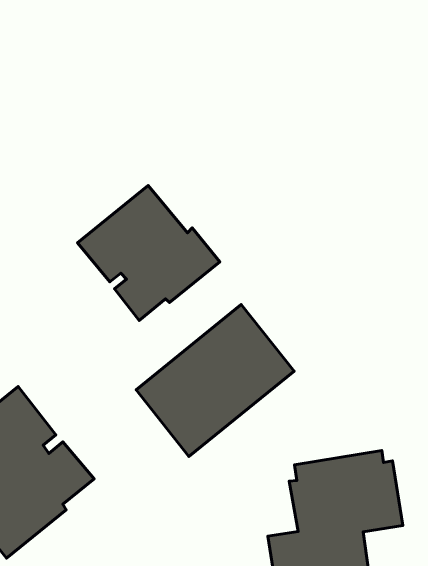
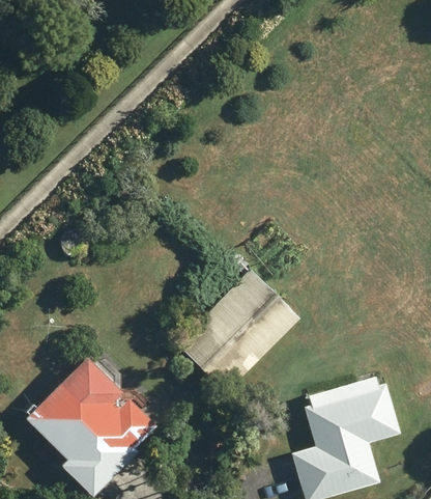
building: [77,186,220,320] -> none

